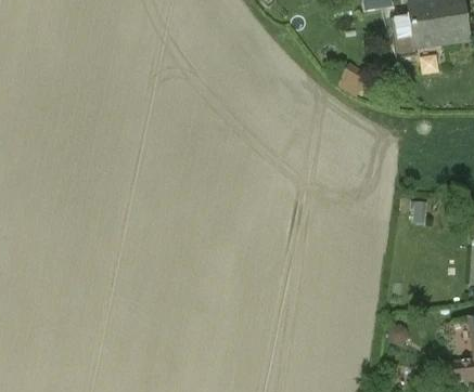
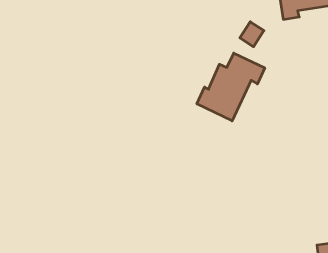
building: none -> [197,53,265,121]

